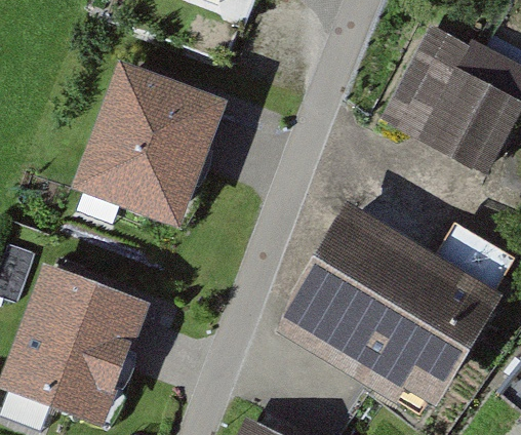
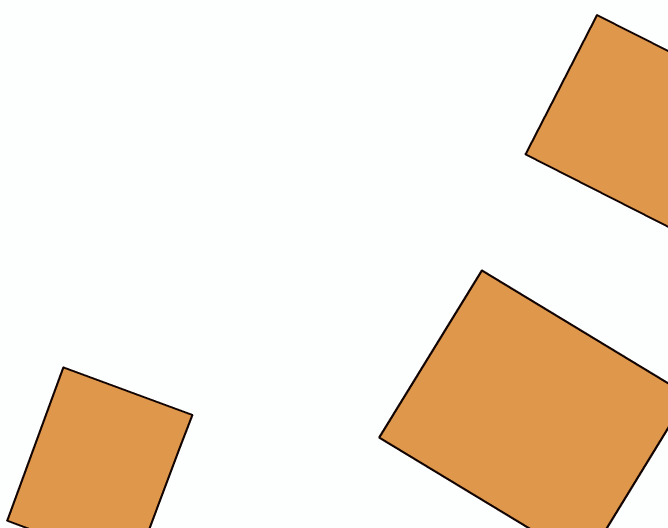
building: [71,62,222,225] -> none

